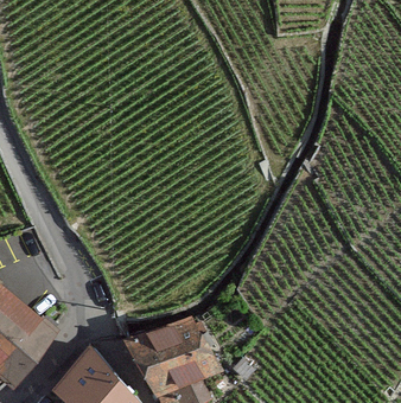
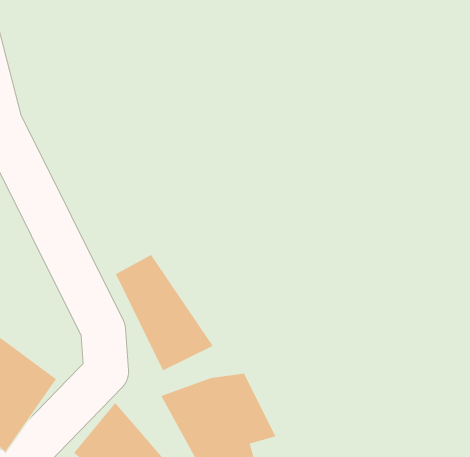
building: none -> [115,254,213,371]

